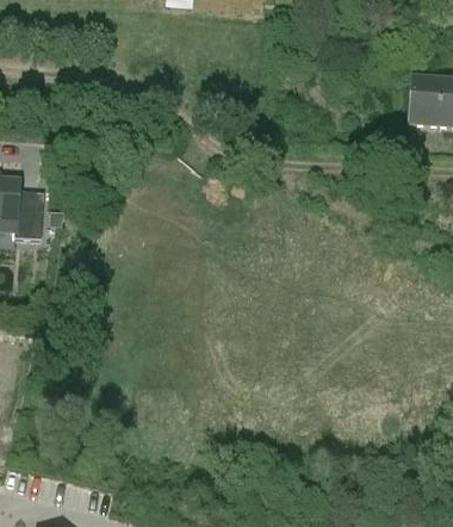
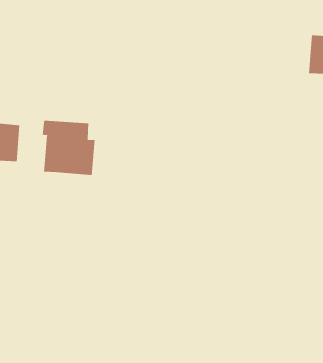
building: none -> [42,120,95,176]

